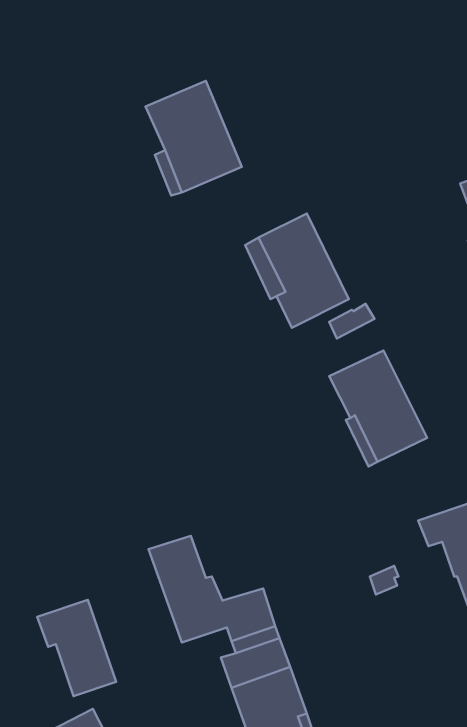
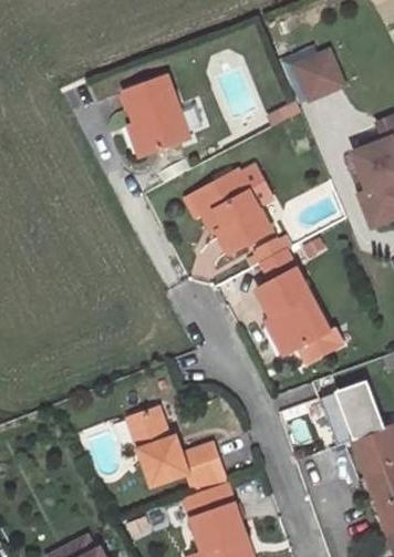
building: none -> [297,49,345,97]
building: [37,600,116,696] -> none

